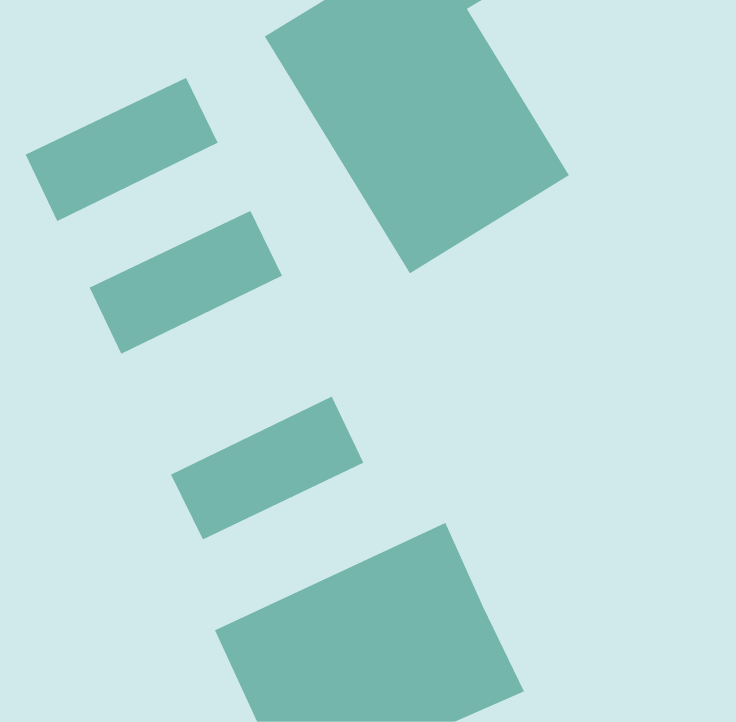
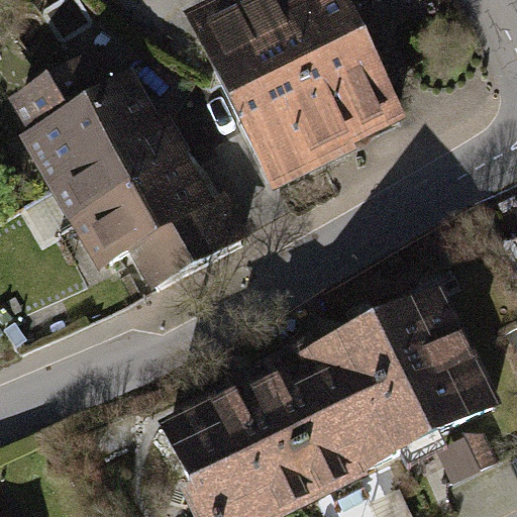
building: none -> [39,99,174,199]
building: [170,396,364,540] -> [84,191,218,291]
building: none -> [309,307,482,479]

